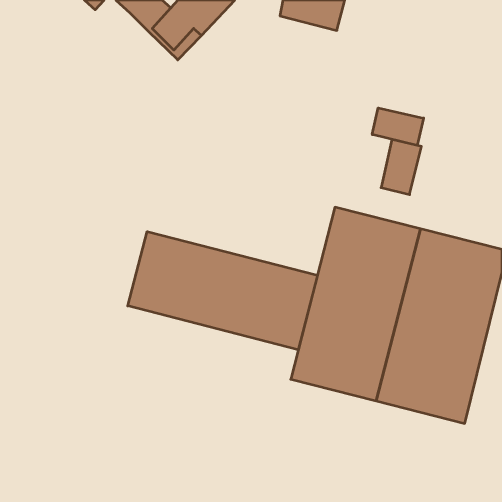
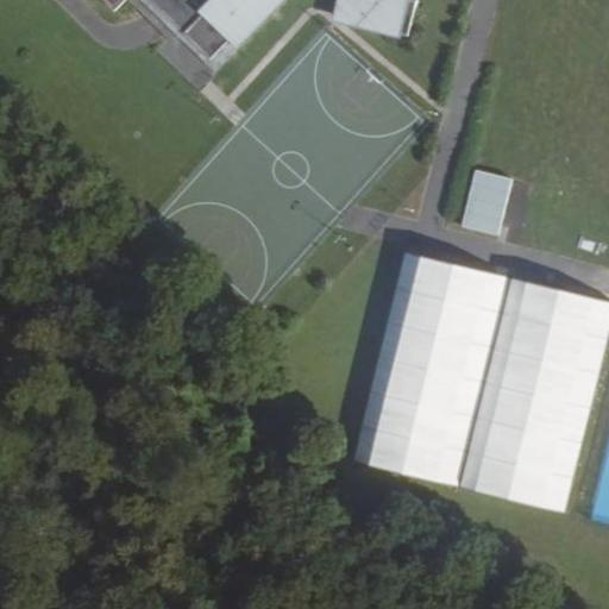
building: [372,108,424,145] -> none
building: [128,232,318,350] -> none

